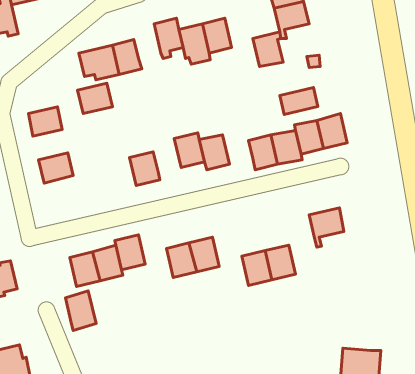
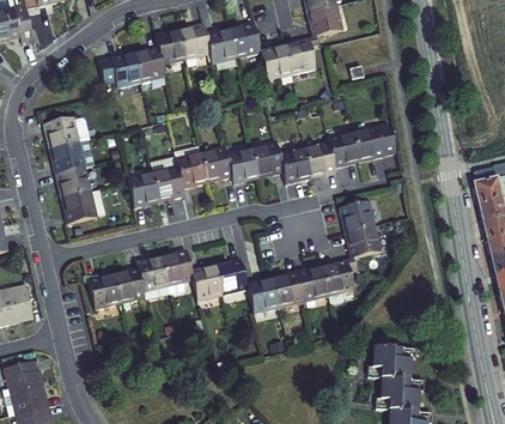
building: none -> [156,29,187,66]
building: none -> [261,44,292,80]
building: [78,83,112,114] -> [50,141,87,174]
building: [280,88,318,114] -> none
building: none -> [252,141,285,178]
building: none -> [176,151,208,188]
building: none -> [128,171,160,207]
building: none -> [62,190,99,223]
building: none -> [340,200,377,232]
building: none -> [163,248,195,285]
building: none -> [323,258,355,296]
building: none -> [248,277,280,314]
building: [65,291,96,330] -> none
building: none -> [371,345,413,377]

